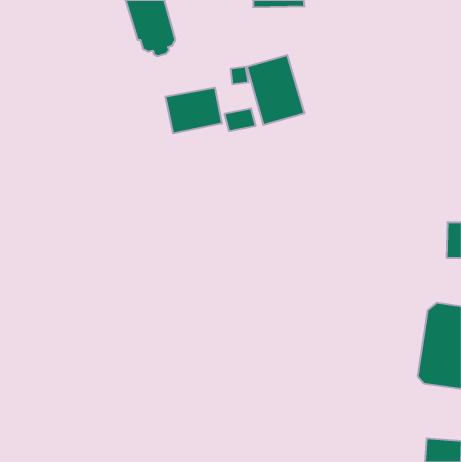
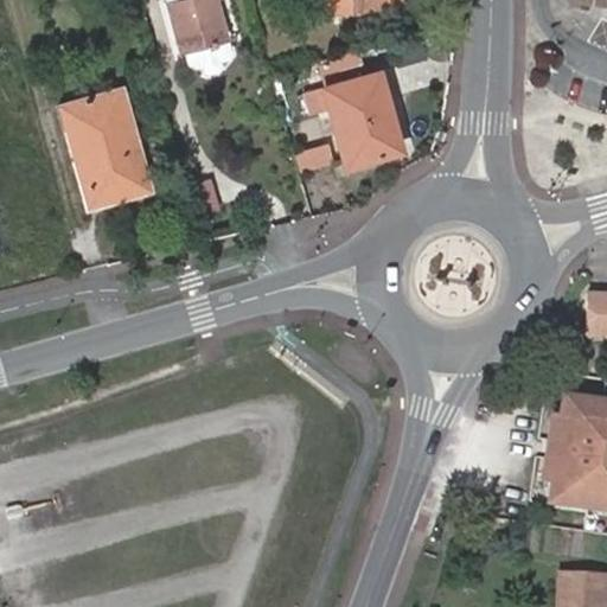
building: none -> [60,88,149,206]
building: [166,88,222,133] -> none

